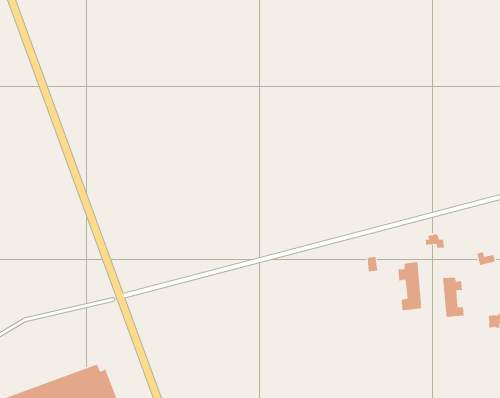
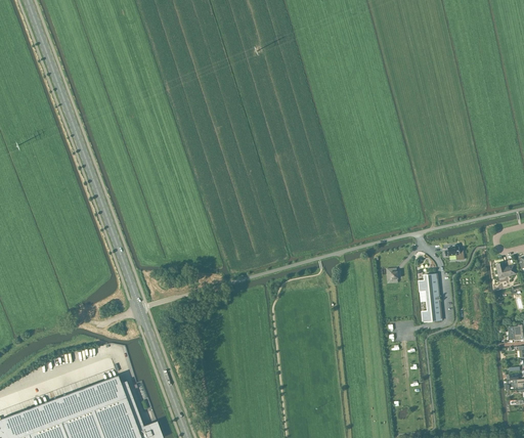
building: [443,277,464,317] -> none

